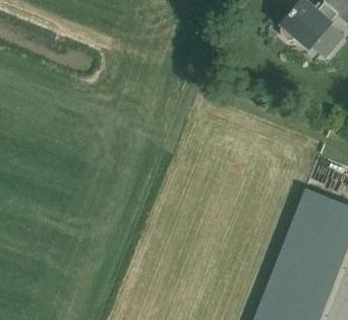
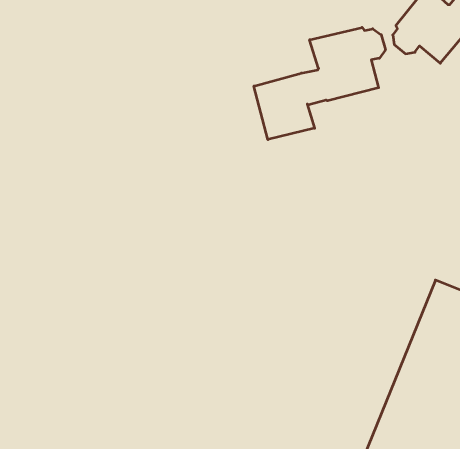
building: none -> [254,27,385,140]

